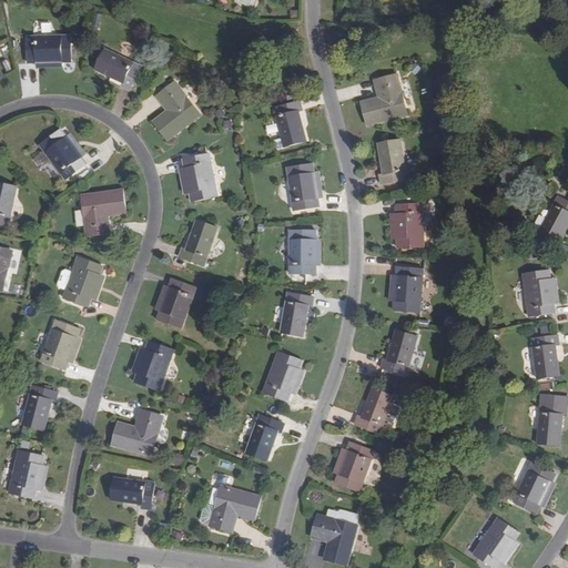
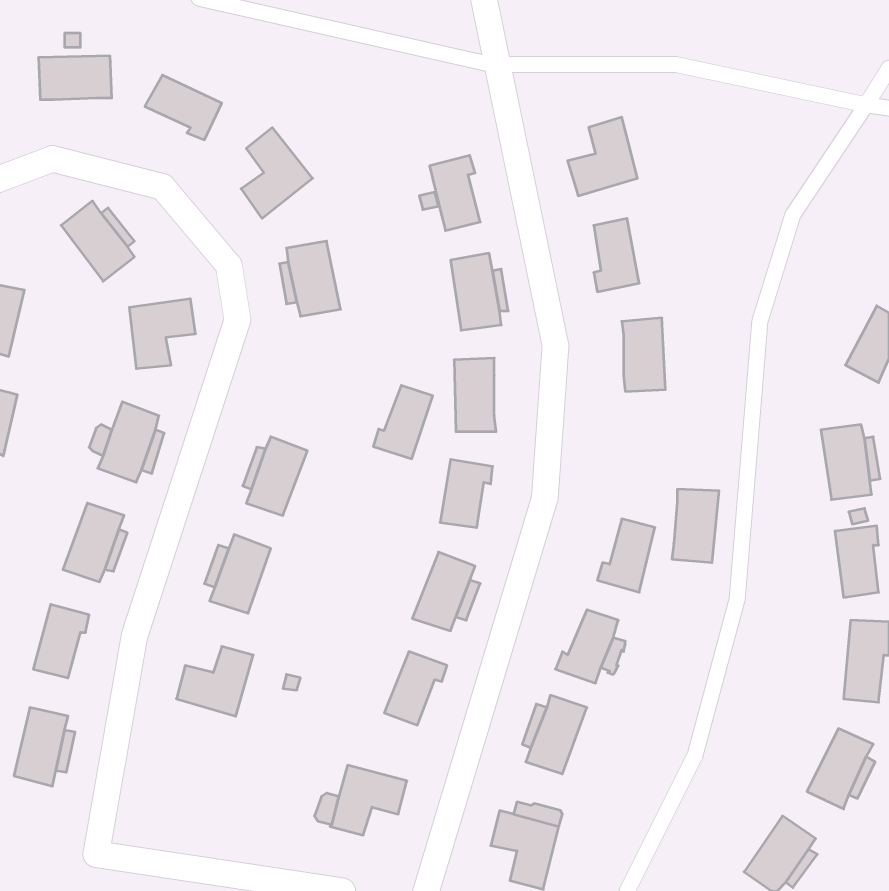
building: [179,219,216,265] -> [373,385,433,459]
building: [393,266,423,313] -> [672,489,719,563]
building: [109,477,154,509] -> none

